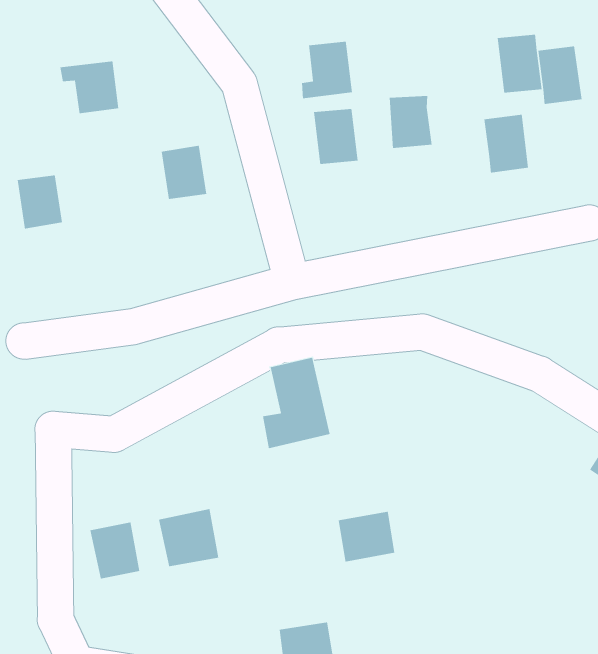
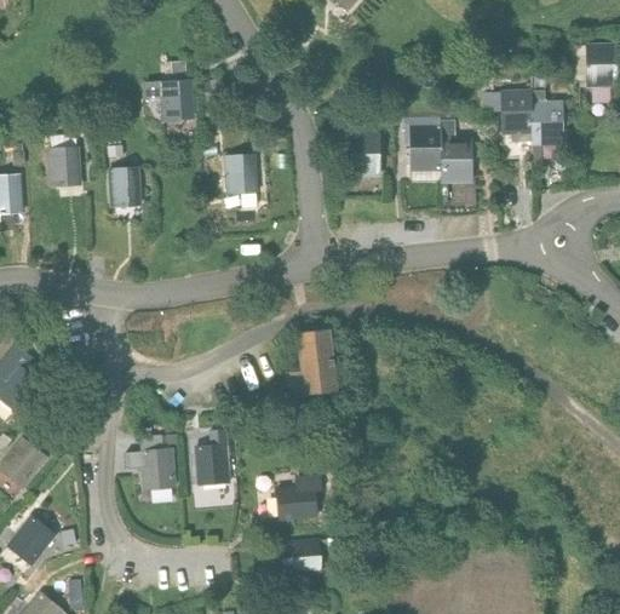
building: [301,41,352,99] -> none
building: [484,114,529,173] -> [441,137,473,182]
building: [338,511,395,562] -> [276,486,320,523]

